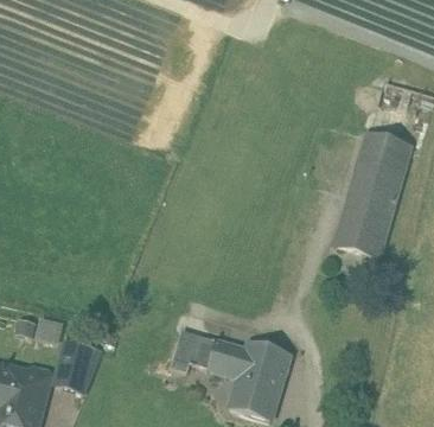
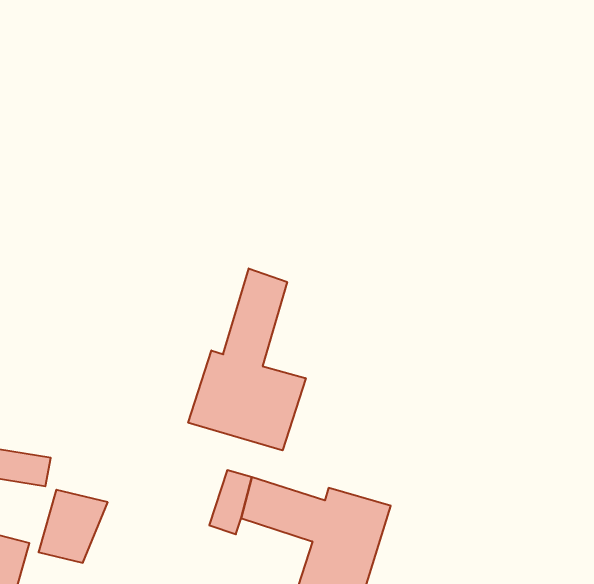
building: [338,134,408,255] -> none
building: none -> [188,268,306,450]

